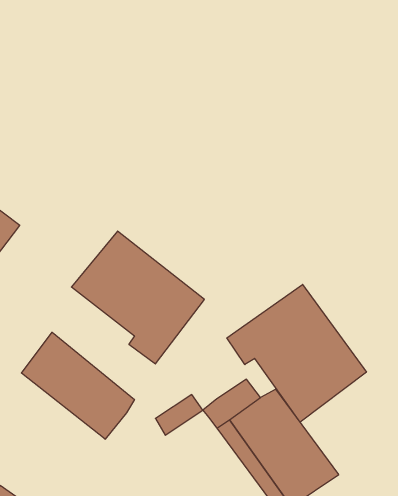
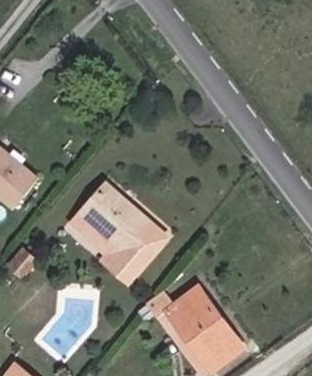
building: [227,284,366,422] -> none
building: [21,332,134,439] -> none

